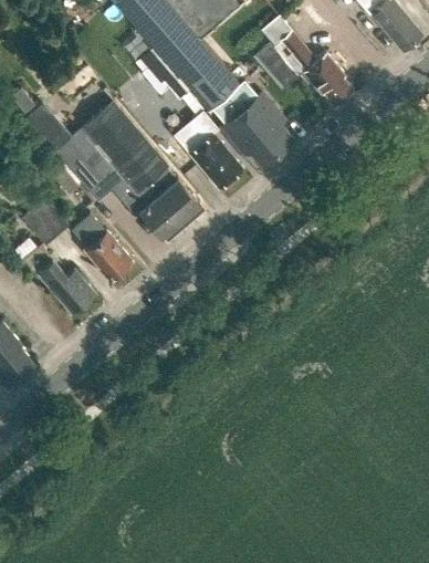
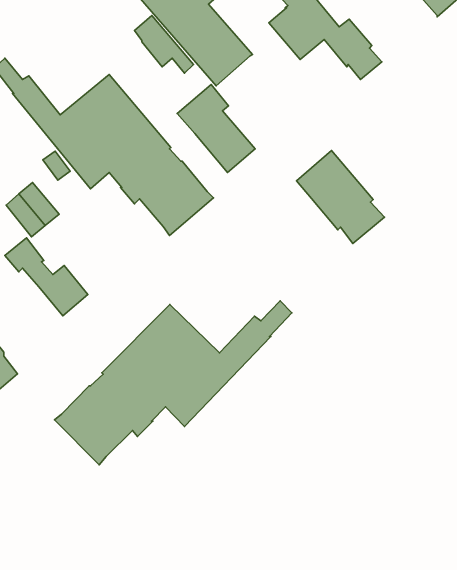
building: [213,82,291,164] -> [296,151,384,244]
building: [72,215,133,280] -> none
building: none -> [55,301,292,465]

